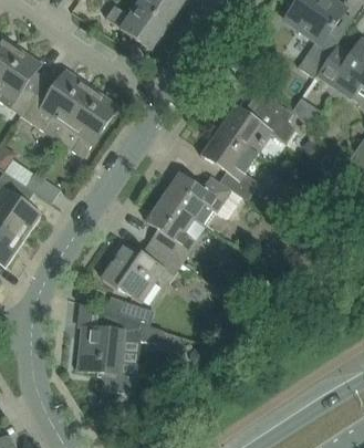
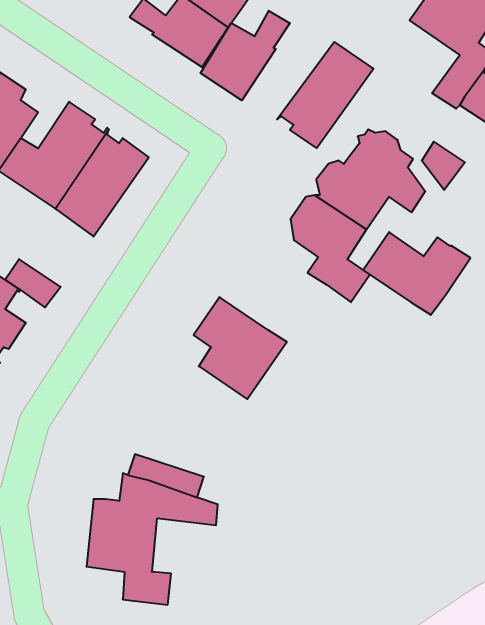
building: none -> [201,11,290,100]
building: none -> [277,42,373,148]
building: [163,171,231,225] -> [363,232,470,315]
building: [102,240,181,301] -> none

